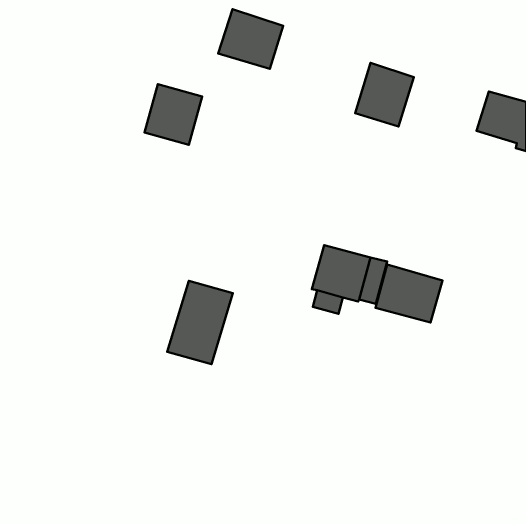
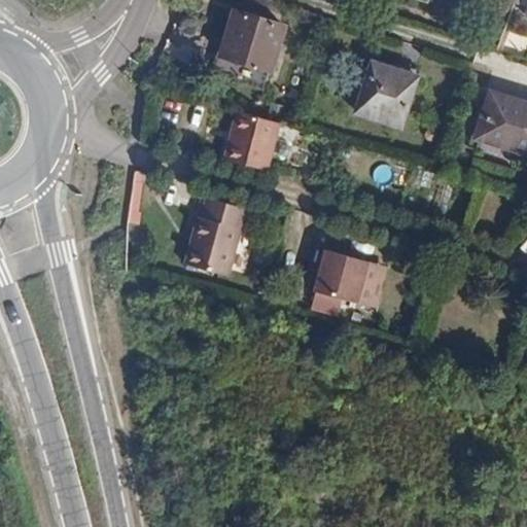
building: [144,84,202,145] -> [222,111,280,172]
building: [375,264,442,323] -> none
building: [167,281,233,364] -> [182,196,248,279]

